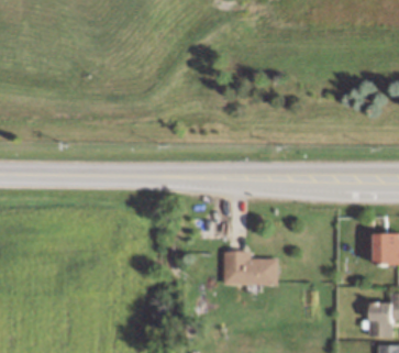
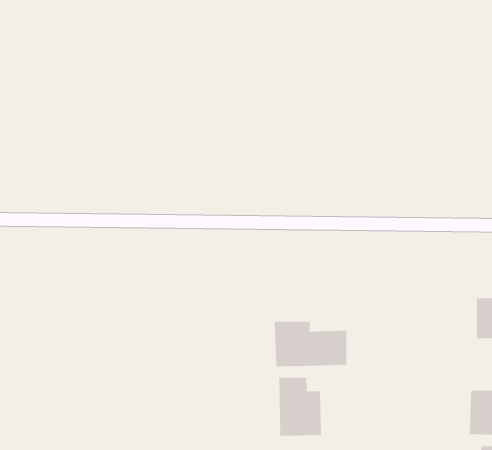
building: none -> [279,377,322,437]

